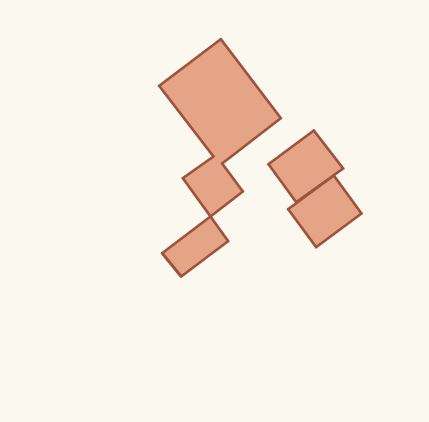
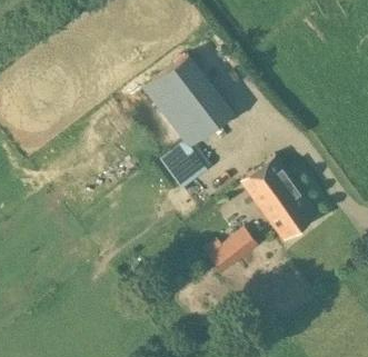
building: [268,130,343,202] -> [262,186,319,240]
building: [162,216,228,277] -> [209,227,259,272]

